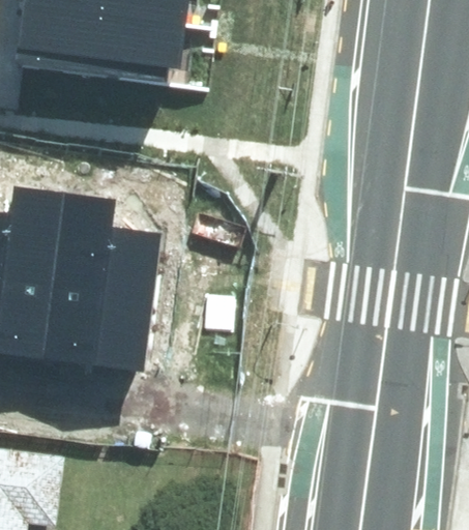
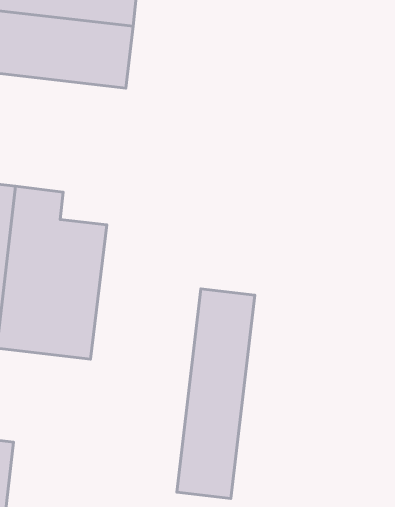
building: none -> [177,289,255,499]

